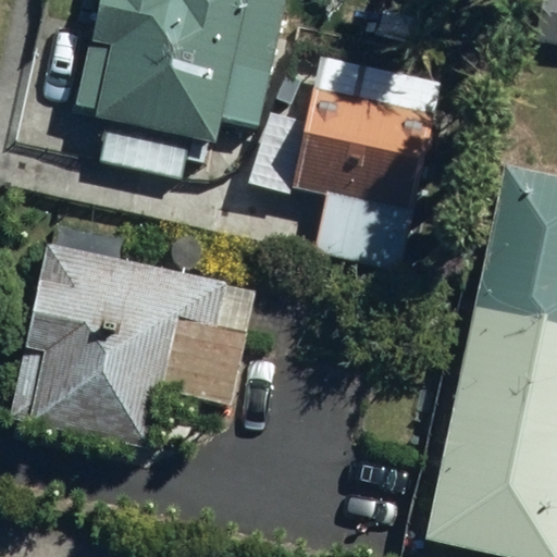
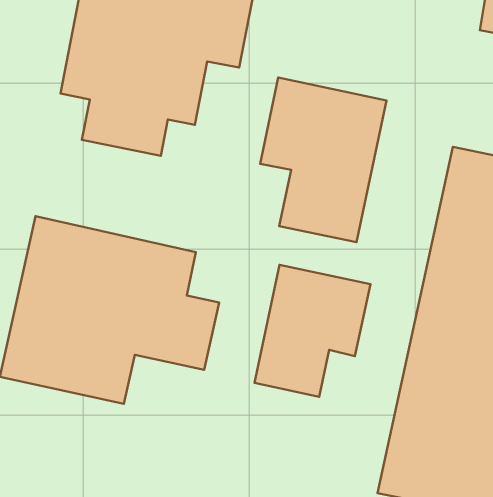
building: none -> [255,265,370,397]

